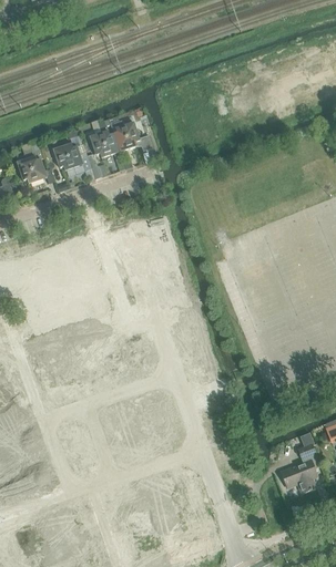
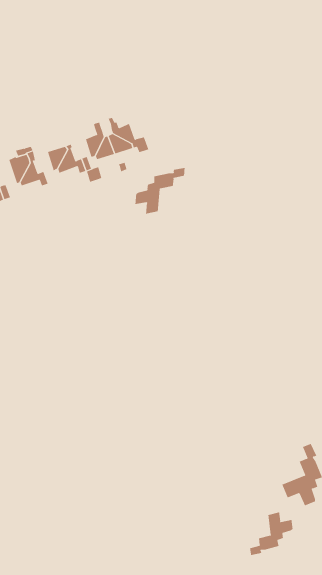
building: none -> [135,167,185,214]
building: none -> [250,511,293,556]

